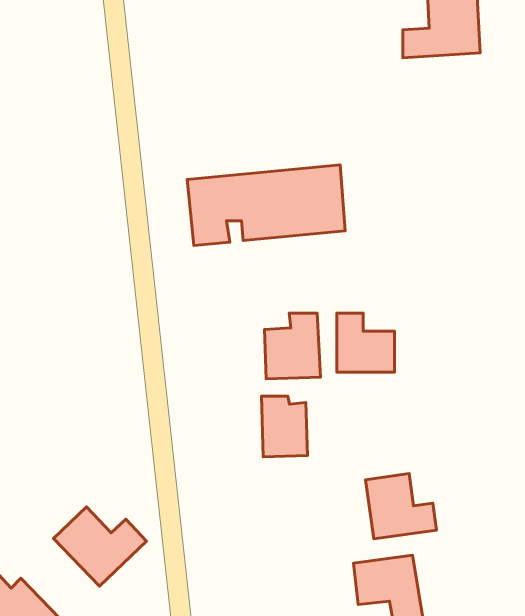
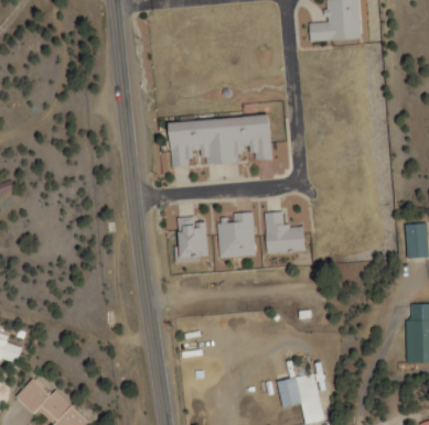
building: [261,396,308,457] -> [176,217,207,258]
building: [365,474,436,539] -> none
building: [54,507,147,586] -> none

